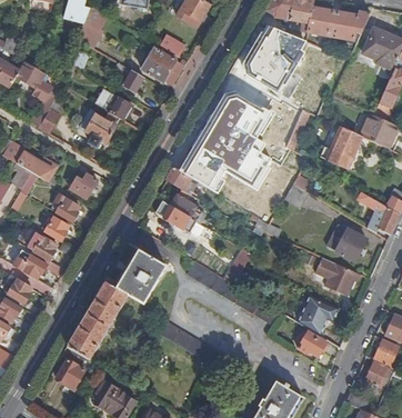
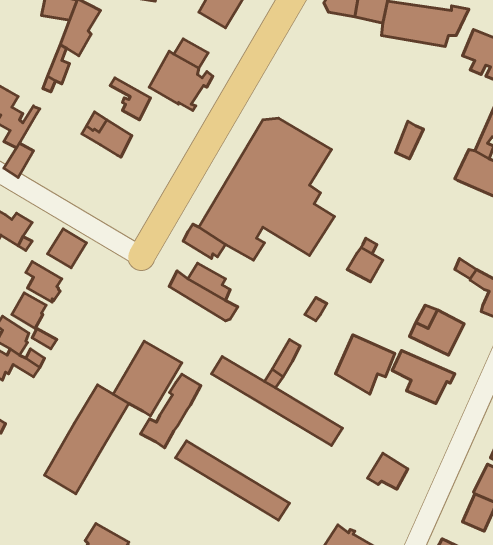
building: [240,23,305,93] -> none
building: [80,110,119,147] -> none
building: [319,126,362,167] -> none
building: none -> [141,374,201,448]
building: [295,293,338,336] -> [336,335,395,394]
building: [56,346,90,388] -> none

